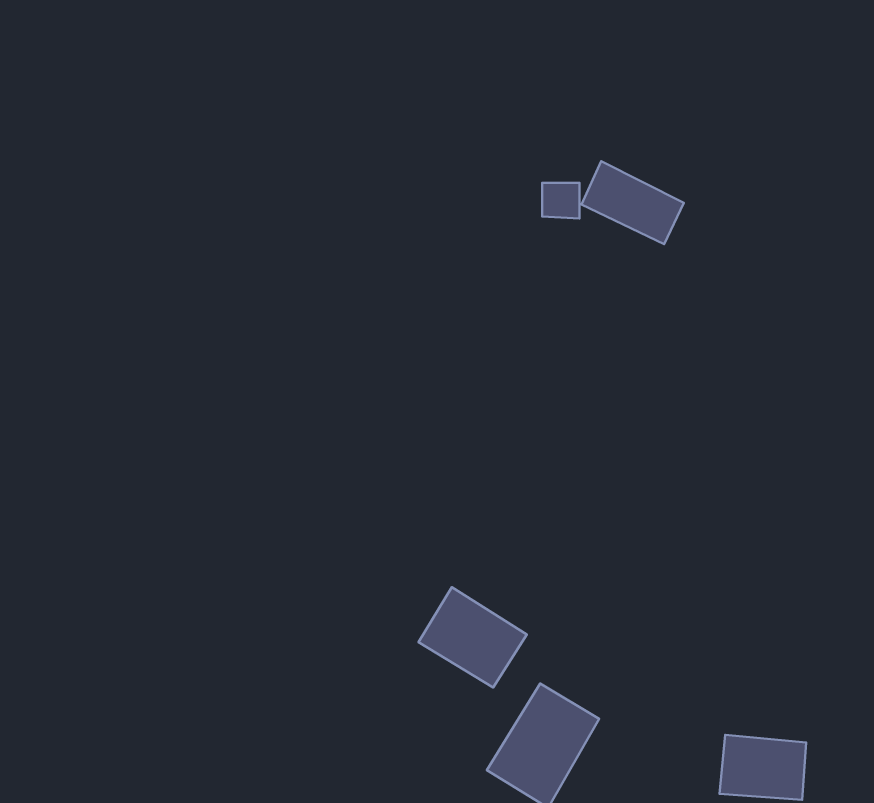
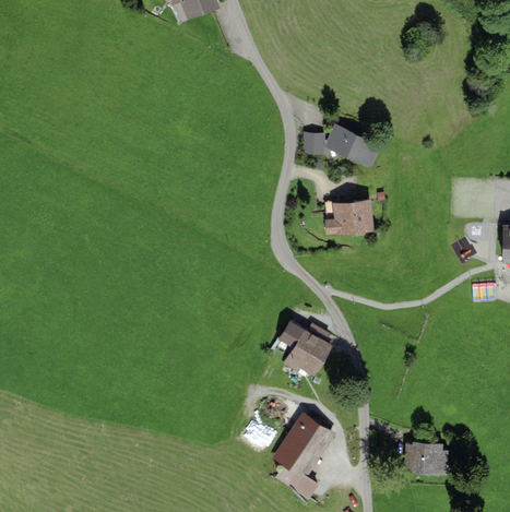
building: none -> [323,197,372,235]
building: [418,587,527,688] -> [272,320,332,376]

